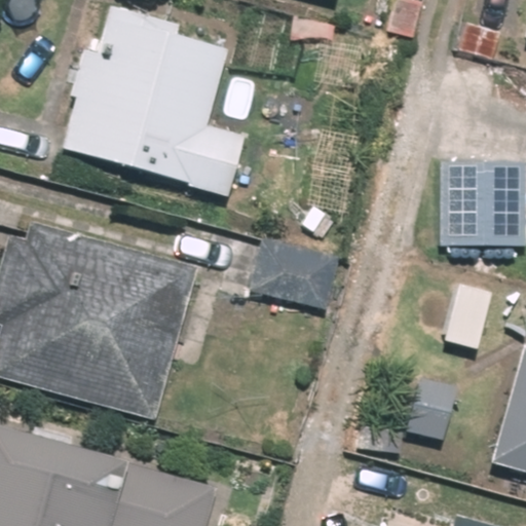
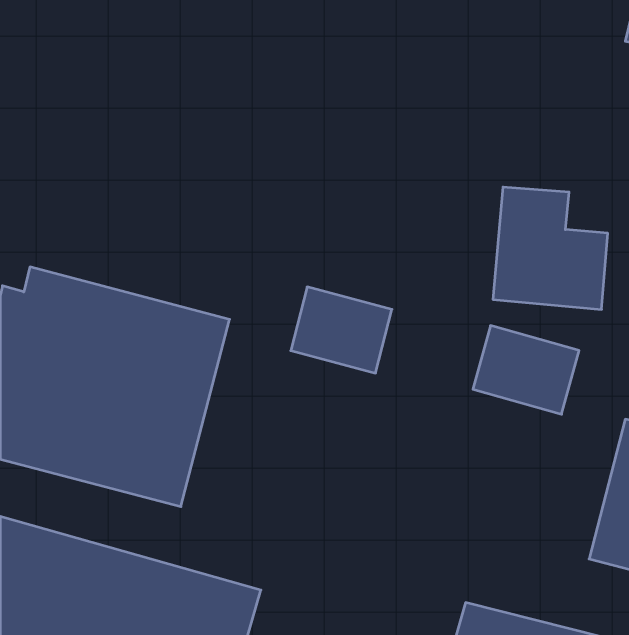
building: [64,8,246,195] -> none

